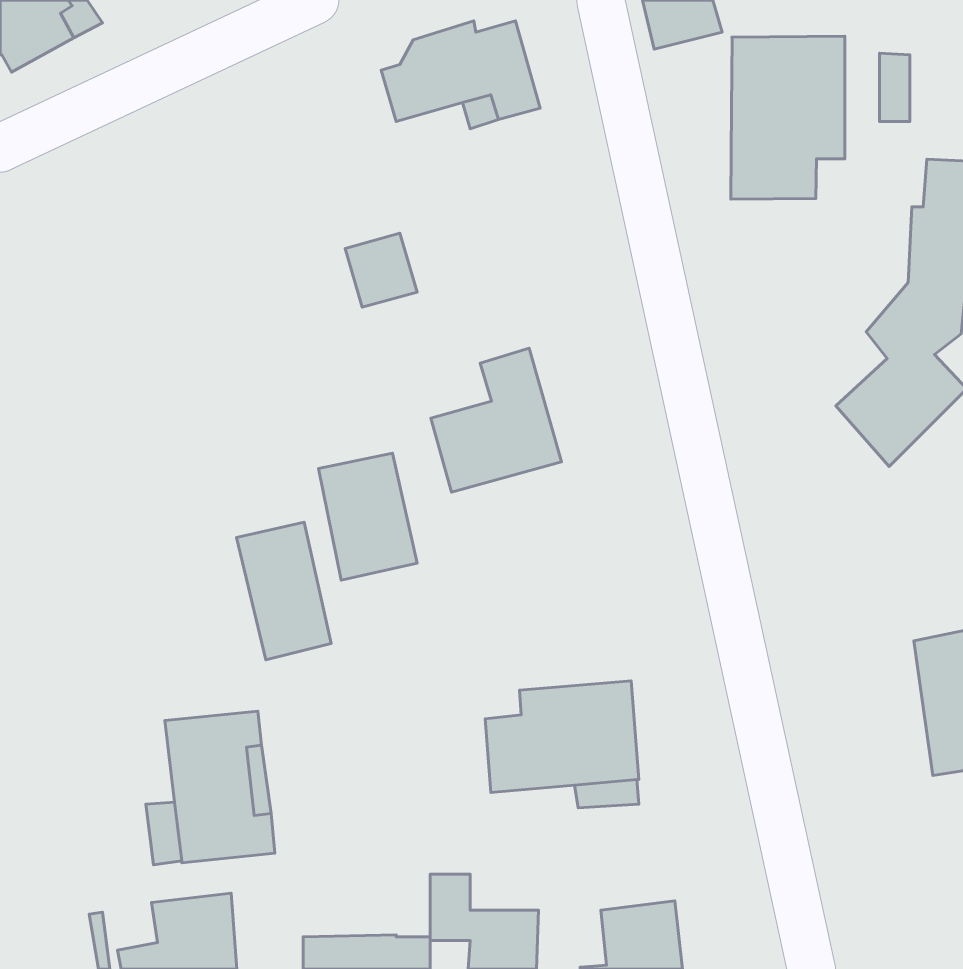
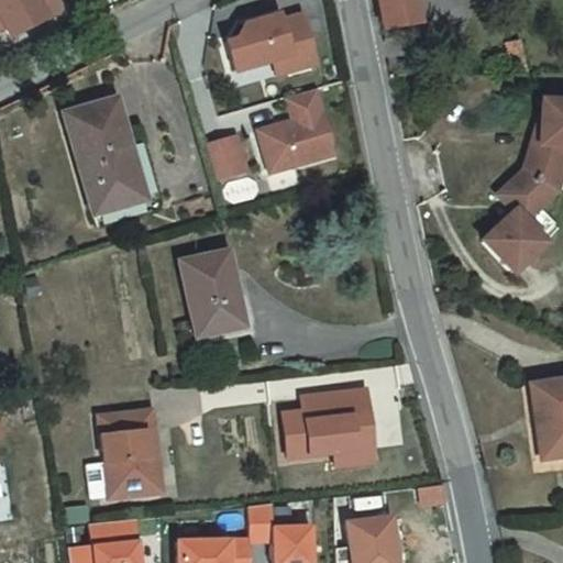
building: [731,36,845,199] -> none
building: none -> [62,92,142,208]
building: [431,348,562,492] -> [256,88,332,172]
building: [236,522,331,660] -> none

